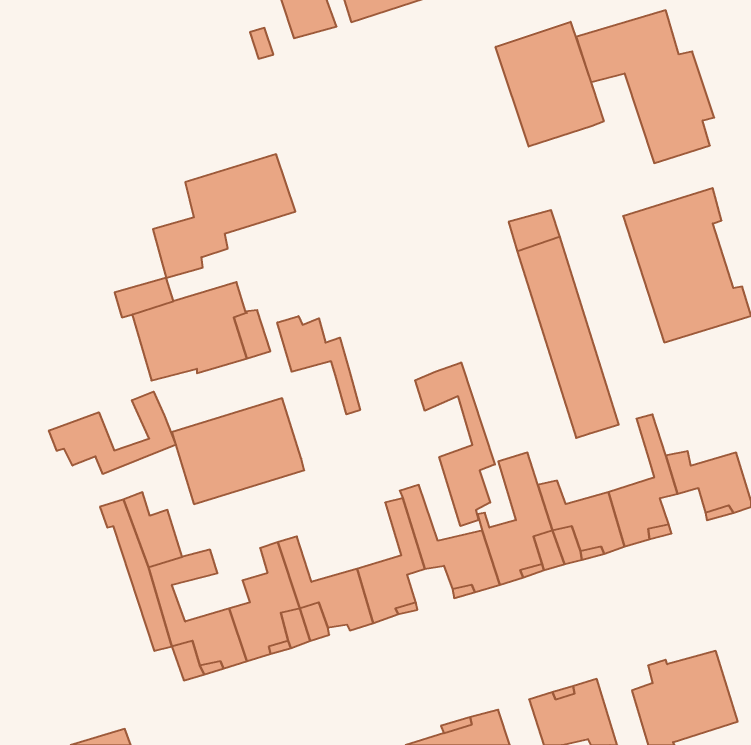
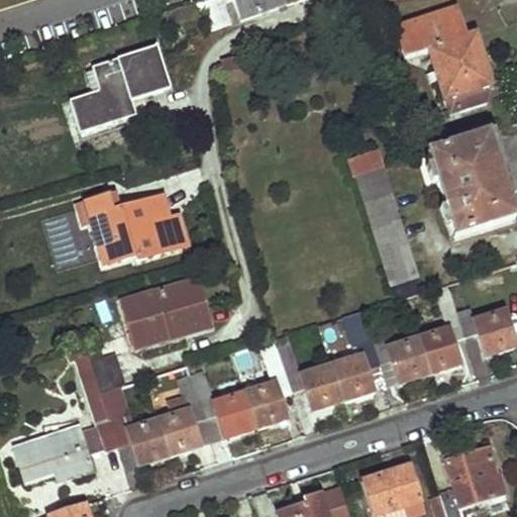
building: [496,22,604,147] -> none
building: [153,154,295,278] -> [74,42,172,127]
building: [277,316,360,414] -> none
building: [415,362,495,526] -> none
building: [49,392,176,474] -> none
building: none -> [15,424,94,480]

